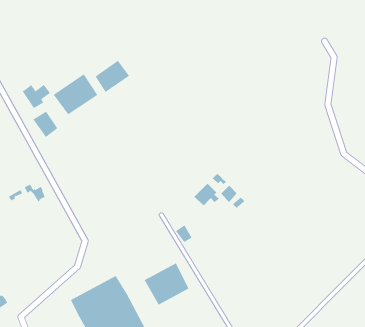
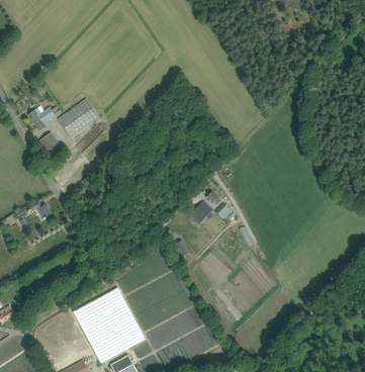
building: [95,60,130,93] -> none
building: [144,263,189,306] -> none

